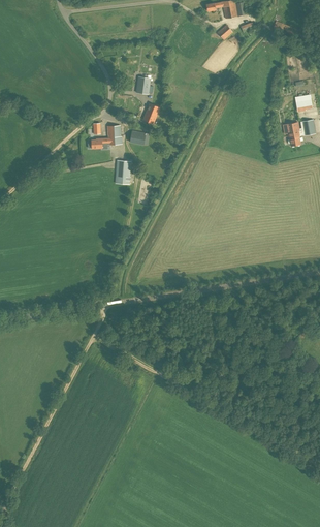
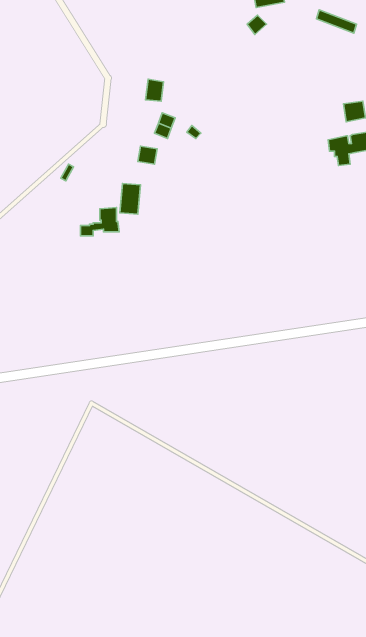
building: [91,125,122,148] -> [80,207,119,236]

